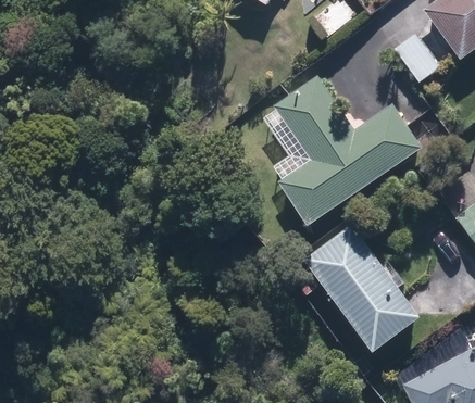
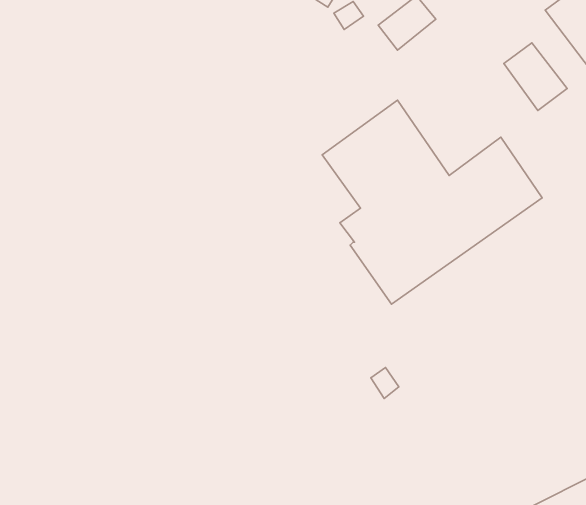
building: [303,223,422,353] -> none

